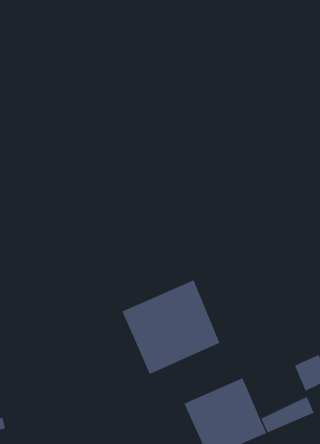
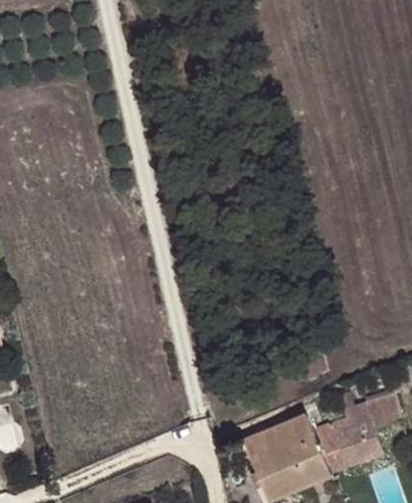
building: [122,280,220,375] -> none
building: none -> [310,400,372,458]

